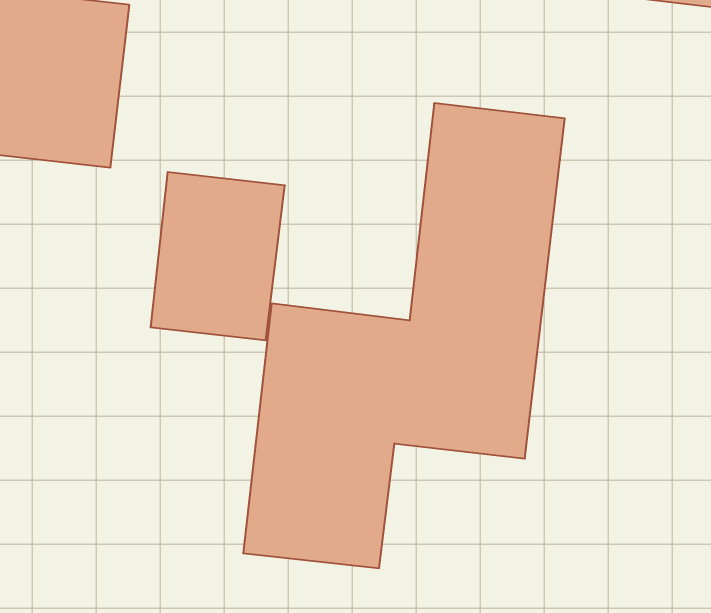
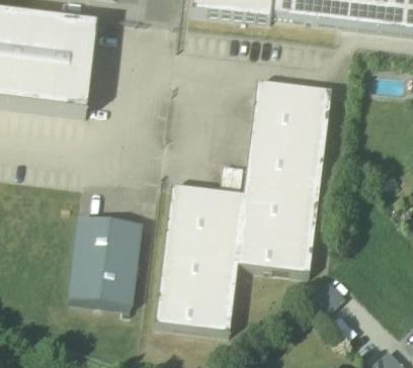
building: [150,172,285,340] -> [70,217,142,307]

